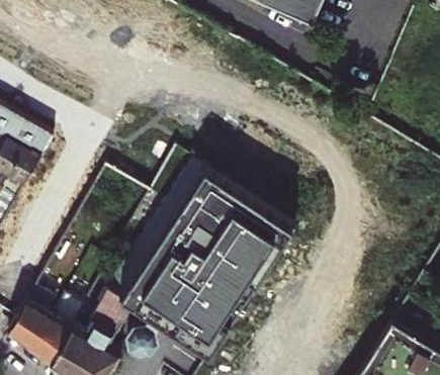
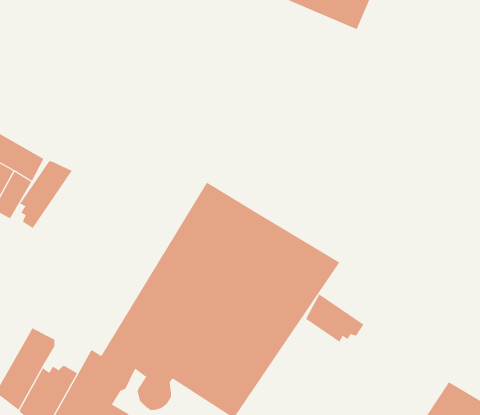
building: none -> [19,160,72,229]
building: none -> [306,294,364,343]

